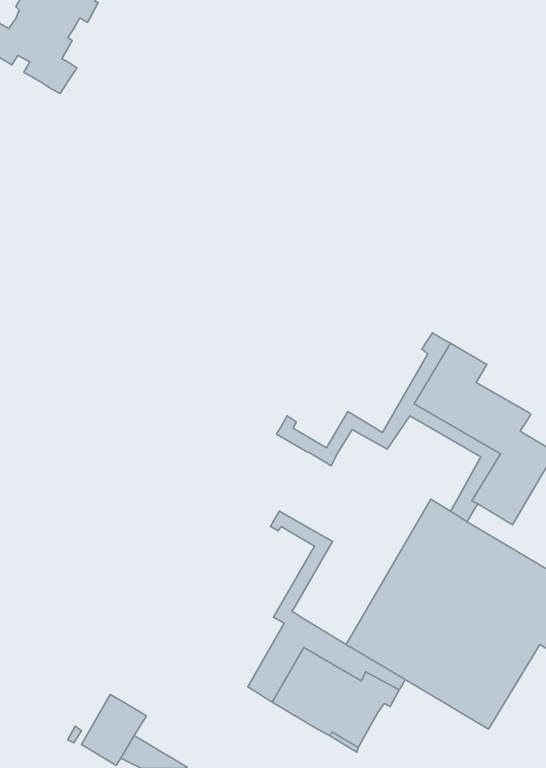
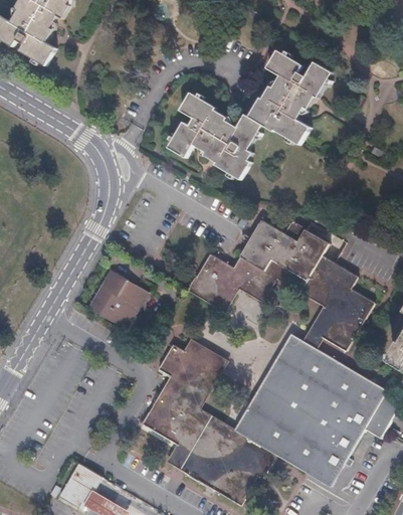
building: none -> [168,48,333,177]
building: none -> [195,220,288,299]
building: none -> [87,271,149,330]
building: none -> [142,344,213,444]

